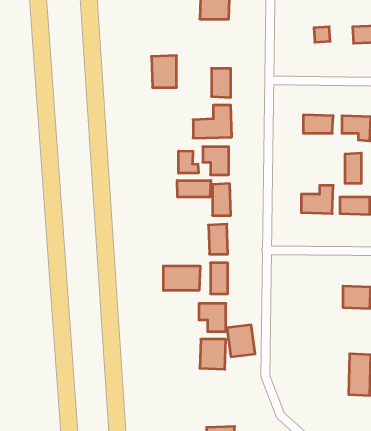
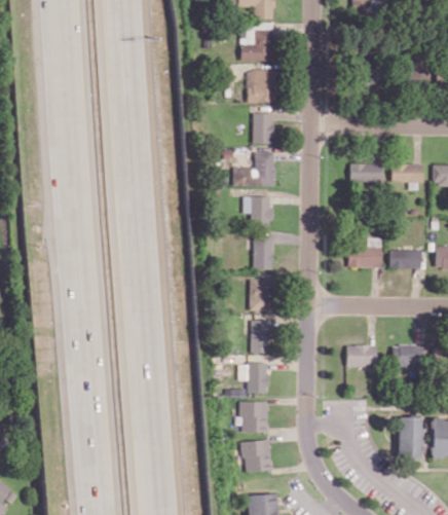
building: [151,56,177,87] -> [247,69,273,103]
building: [179,151,198,173] -> none
building: [345,153,361,183] -> none
building: [177,180,211,197] -> none
building: [163,266,200,291] -> none
building: none -> [347,344,377,366]
building: [227,325,255,357] -> [242,439,272,473]

